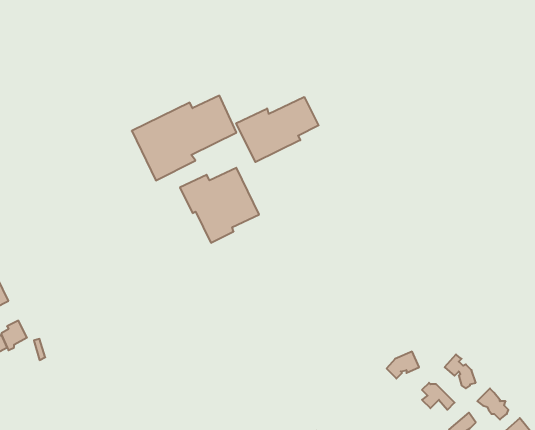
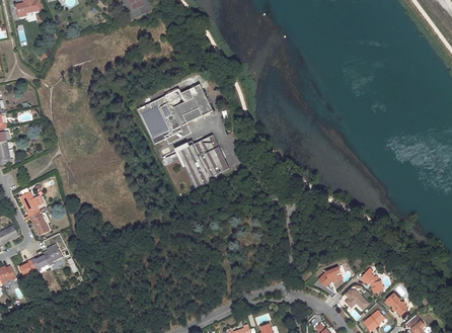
building: [236,97,319,162] -> none

